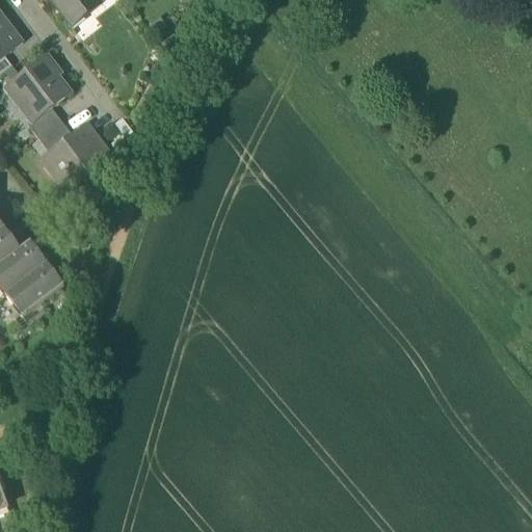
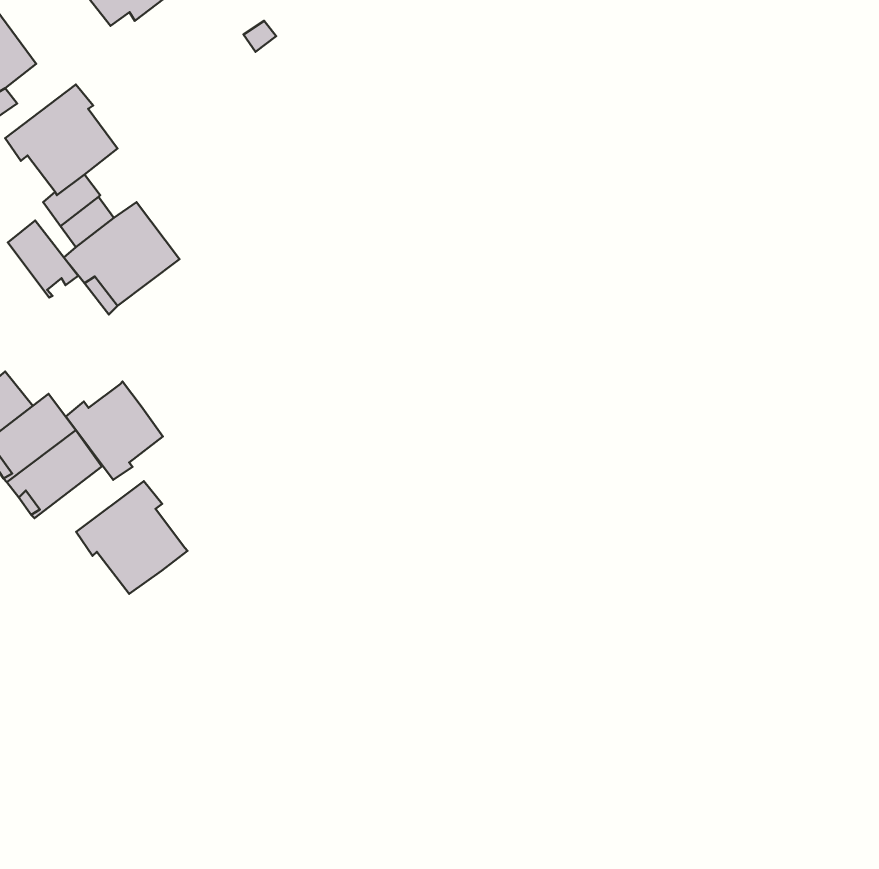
building: none -> [8,220,78,298]
building: none -> [66,382,163,480]
building: none -> [76,481,188,594]

